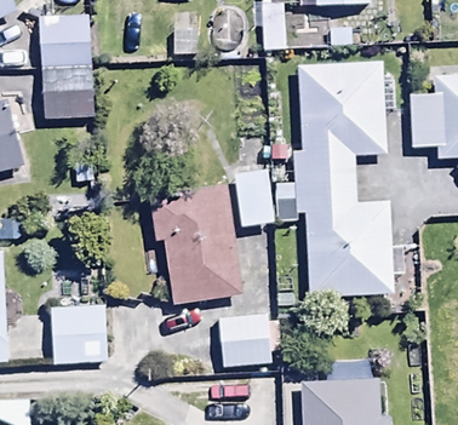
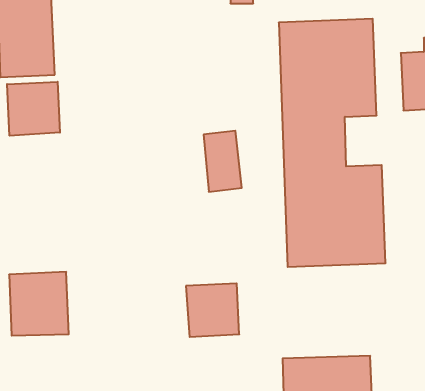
building: none -> [7,82,60,136]
building: [142,186,236,303] -> none

